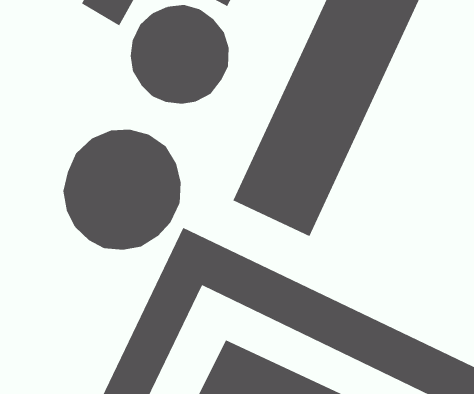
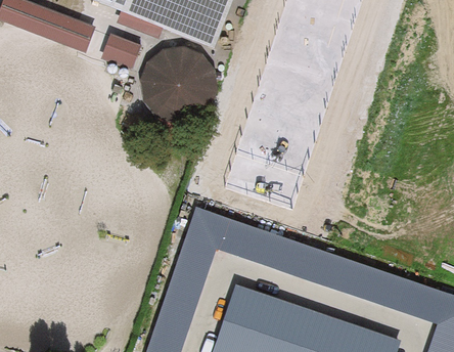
building: [63,129,181,250] -> none

